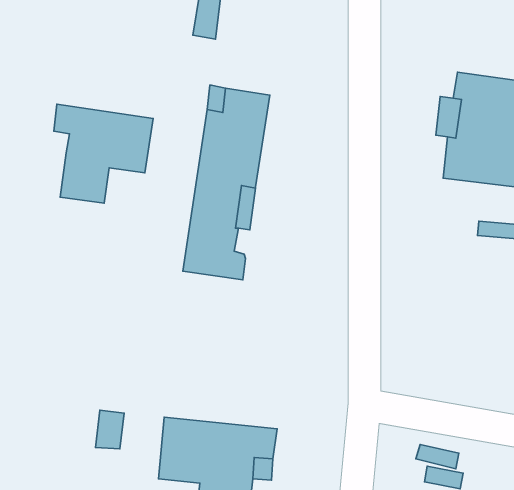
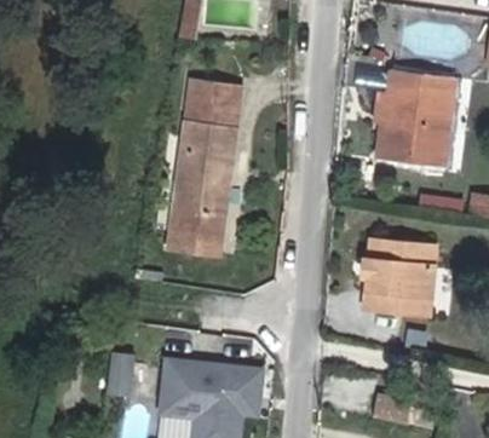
building: [54,104,153,203] -> none
building: none -> [368,253,439,328]

